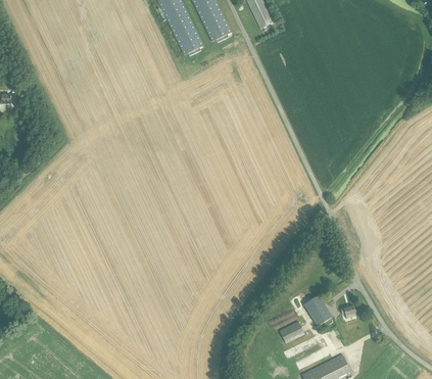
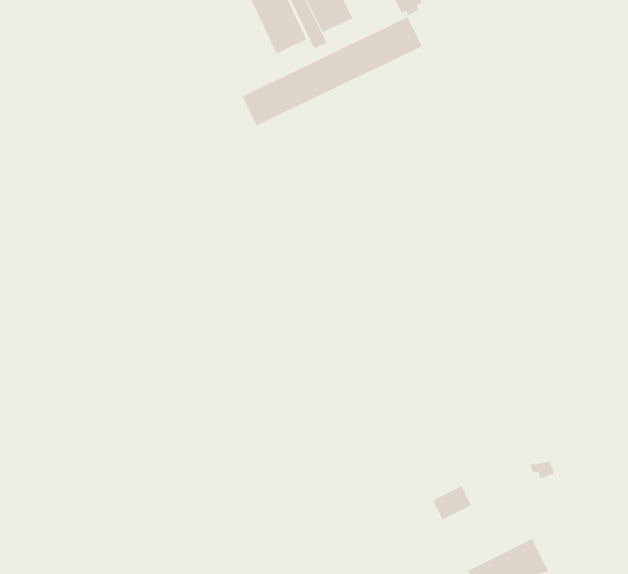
building: none -> [242,16,422,126]
building: [303,295,333,326] -> none

